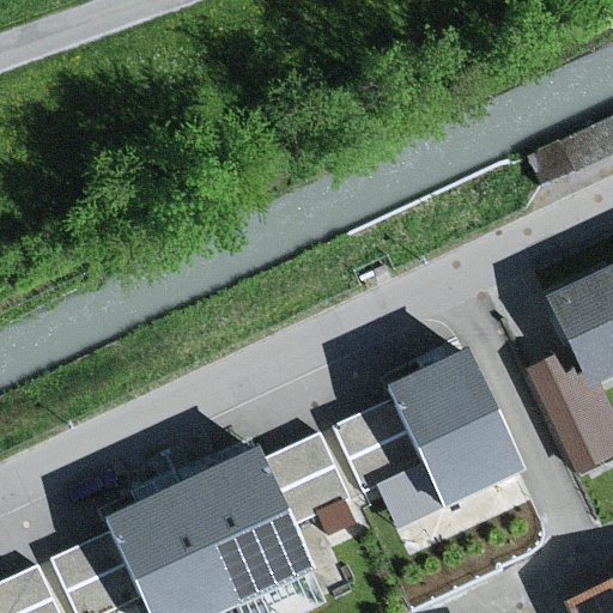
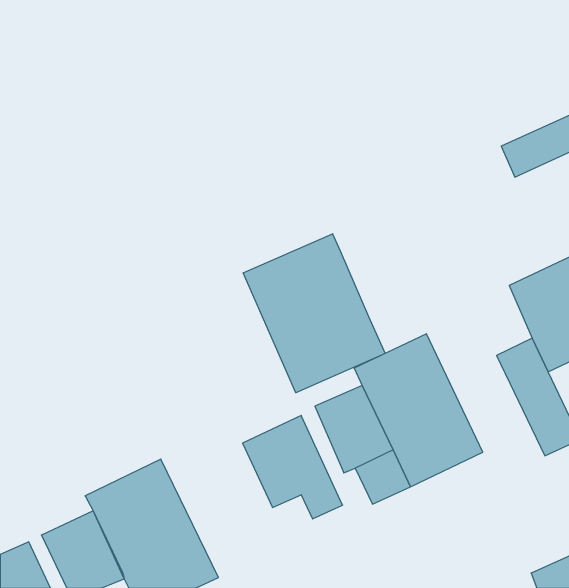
building: none -> [243,234,385,393]
building: [187,442,321,601] -> none

